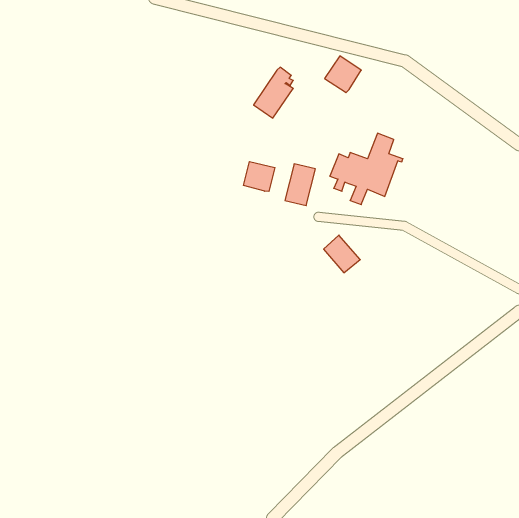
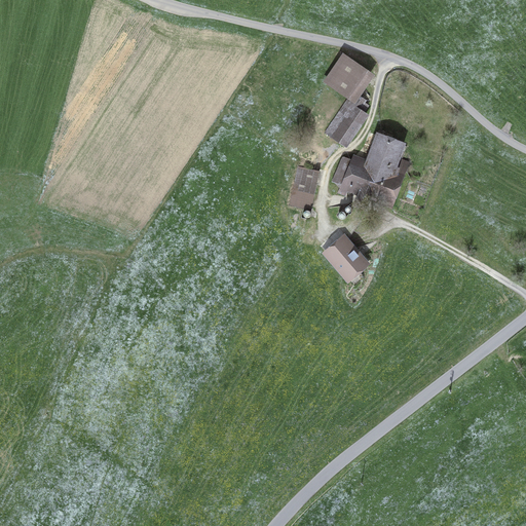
building: [254,67,293,118] -> [326,90,366,142]
building: [244,162,275,191] -> none

